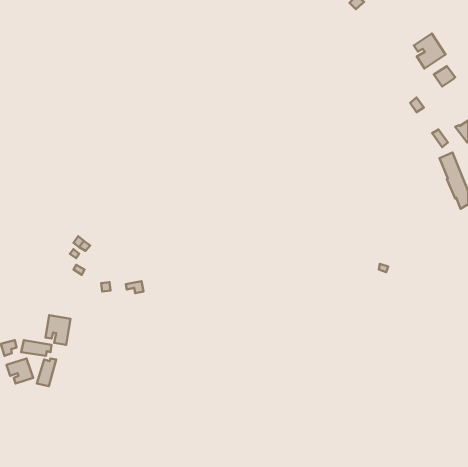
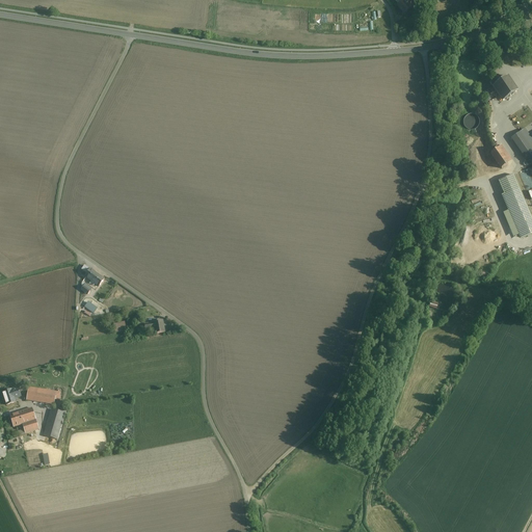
building: [414,34,445,68] -> none
building: [46,315,70,345] -> none

